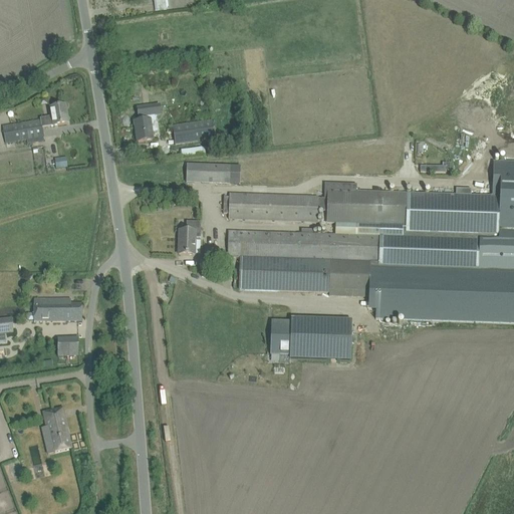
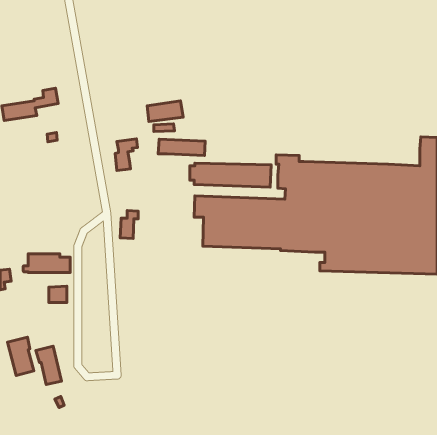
building: [135,103,161,141] -> [115,139,137,170]
building: [179,221,200,254] -> [120,210,138,239]
building: [270,317,351,359] -> none
building: none -> [7,337,34,376]

